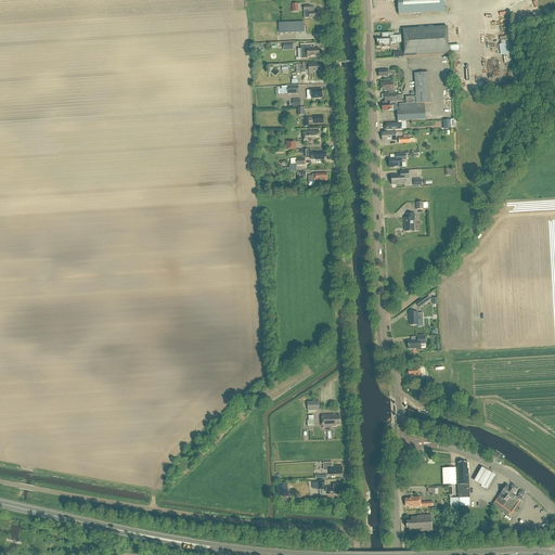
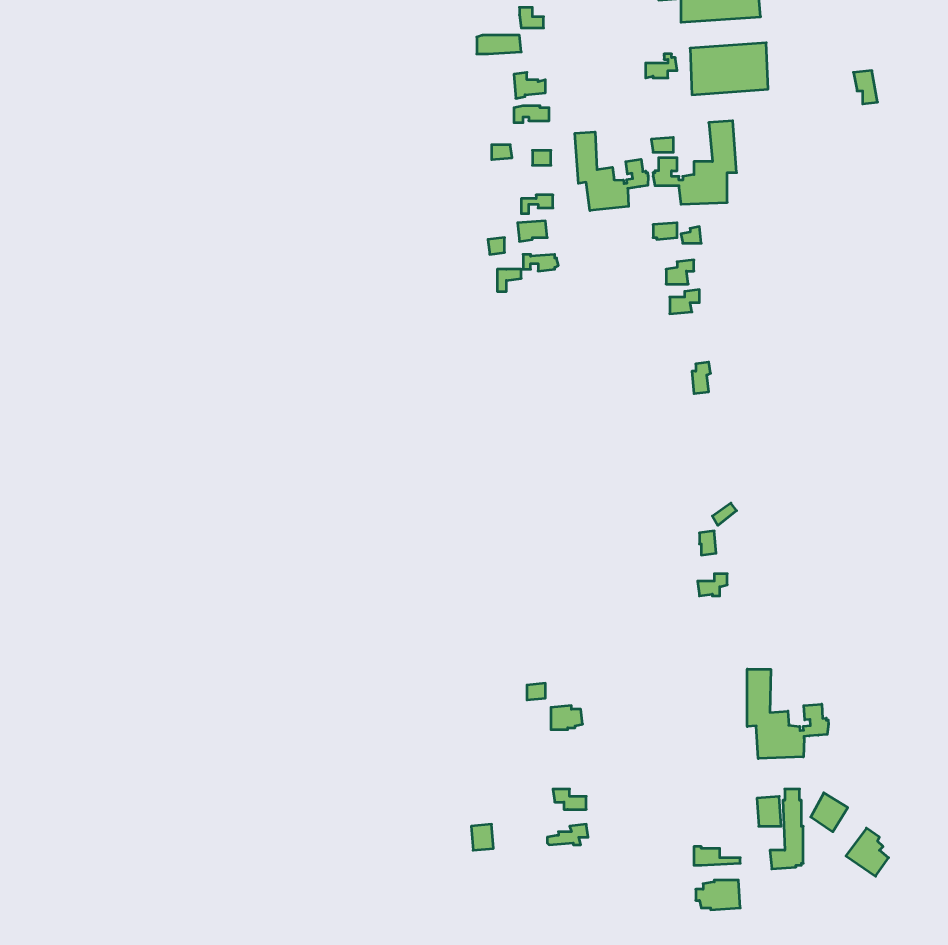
building: none -> [575,132,648,211]
building: none -> [747,669,828,759]

